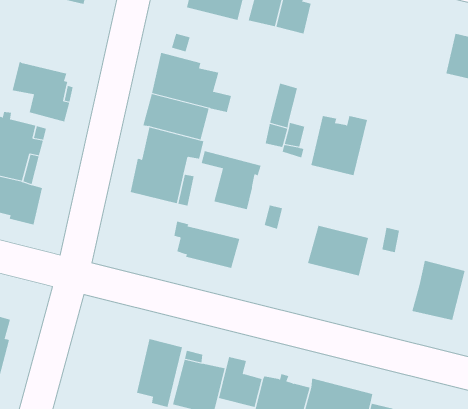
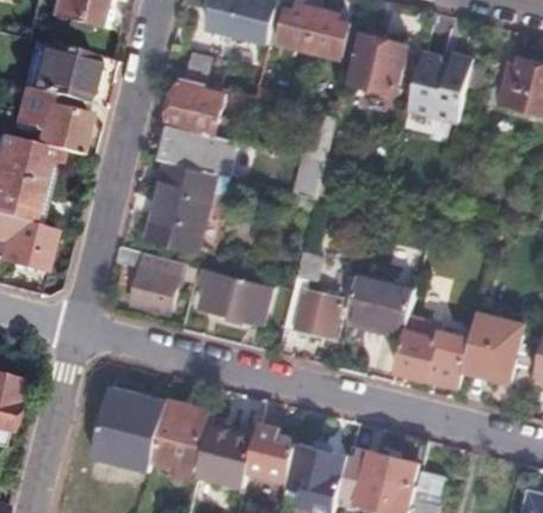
building: none -> [353,37,407,93]
building: none -> [26,44,92,104]
building: [310,115,368,176] -> [407,60,471,128]
building: [201,151,261,210] -> [116,248,184,315]
building: none -> [284,286,339,335]
building: none -> [394,330,471,387]
building: none -> [88,397,147,469]

